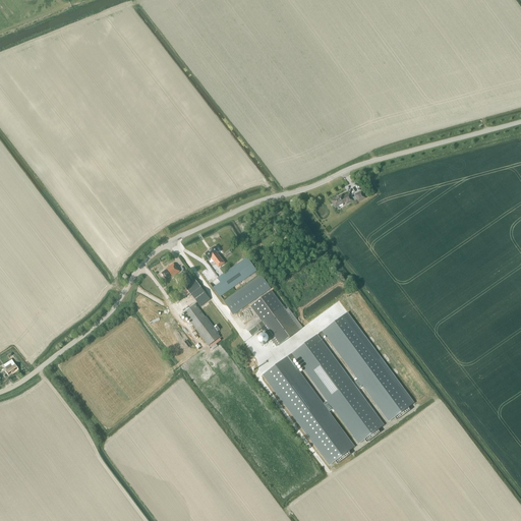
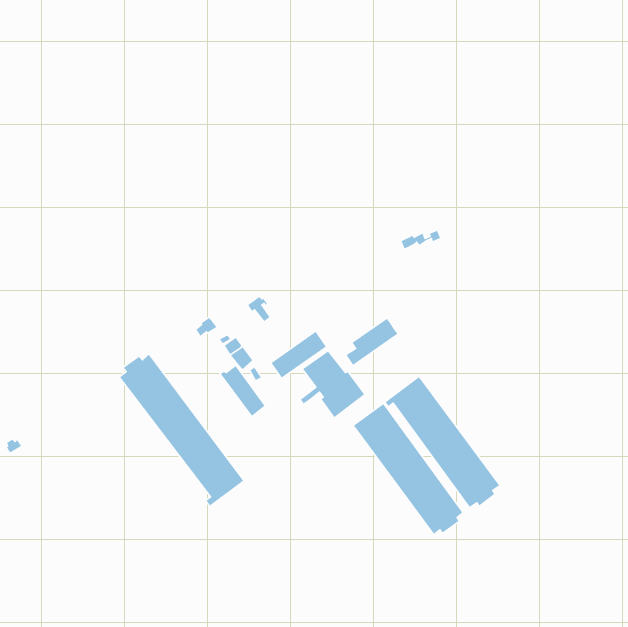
building: [213,256,256,296] -> [346,318,398,366]
building: none -> [119,354,244,506]
building: [263,352,354,464] -> none

